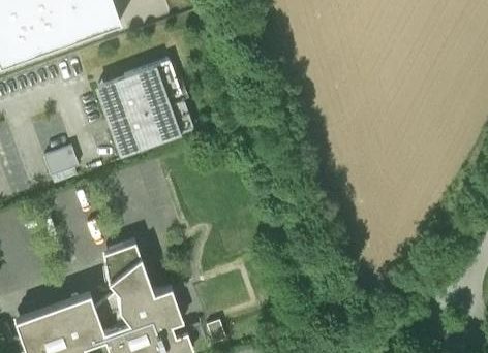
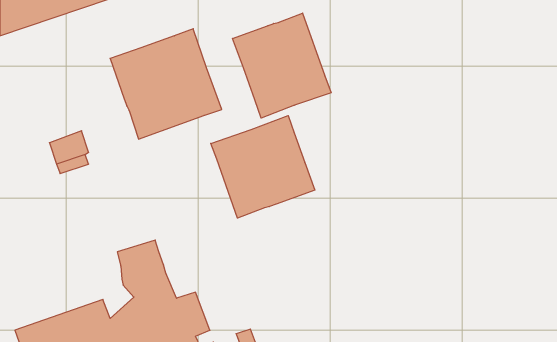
building: none -> [233,13,331,118]
building: none -> [211,116,315,218]

